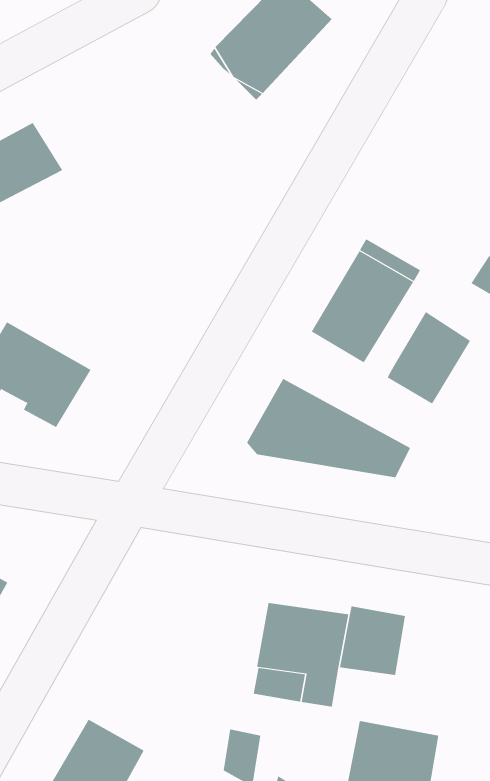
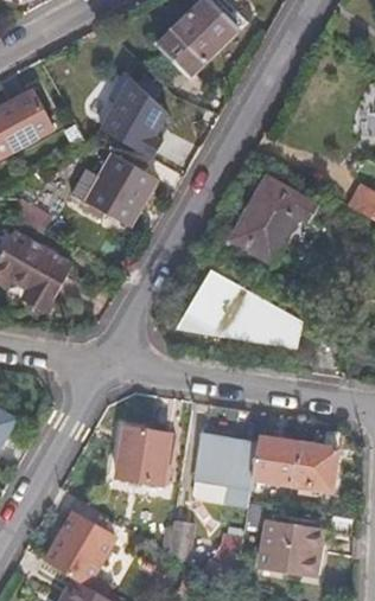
building: none -> [102,73,169,158]
building: none -> [87,154,155,226]
building: [387,311,471,404] -> none
building: none -> [115,426,170,484]
building: none -> [291,442,337,492]

